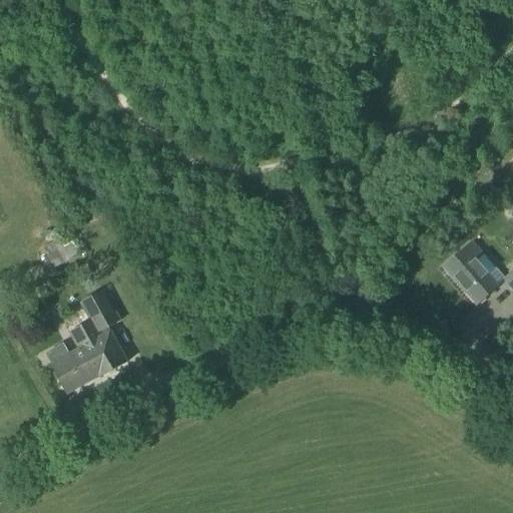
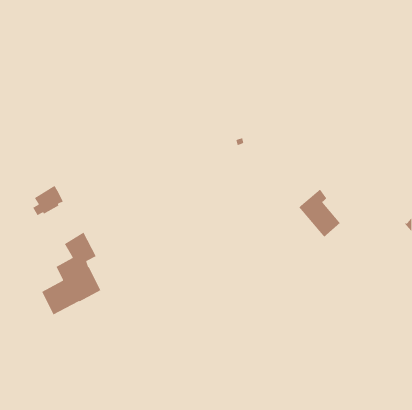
building: [445,241,498,303] -> [298,189,341,238]

